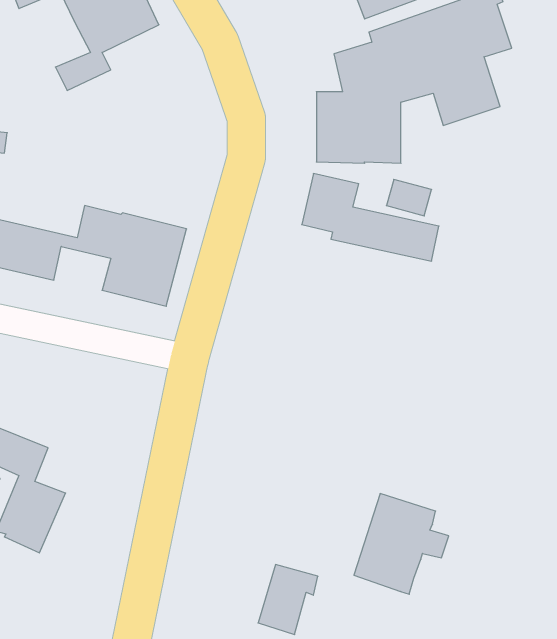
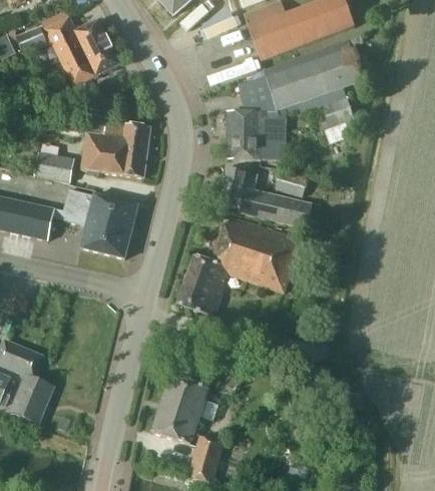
building: none -> [77,117,150,176]
building: none -> [33,151,74,181]
building: none -> [176,215,301,317]
building: [354,494,449,594] -> [152,375,217,444]

